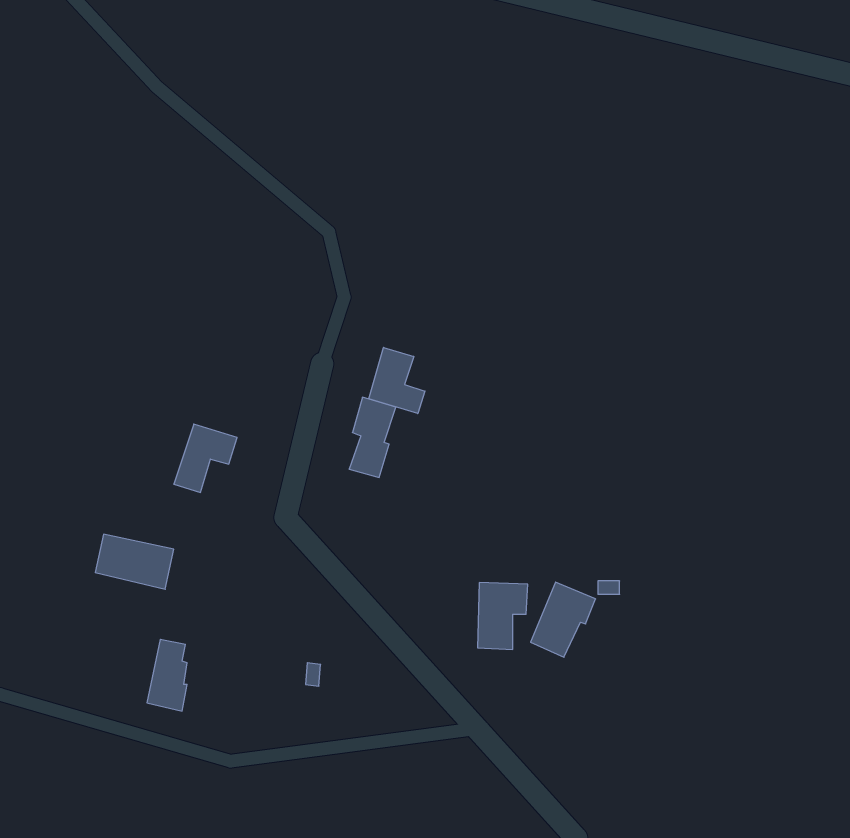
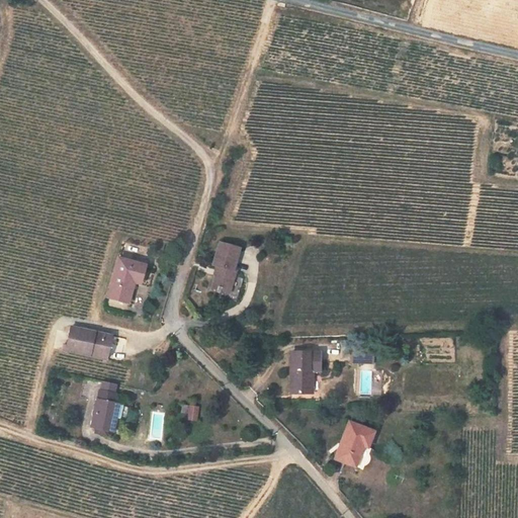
building: [369,347,425,414] -> none
building: [531,582,596,657] -> [335,423,374,468]

